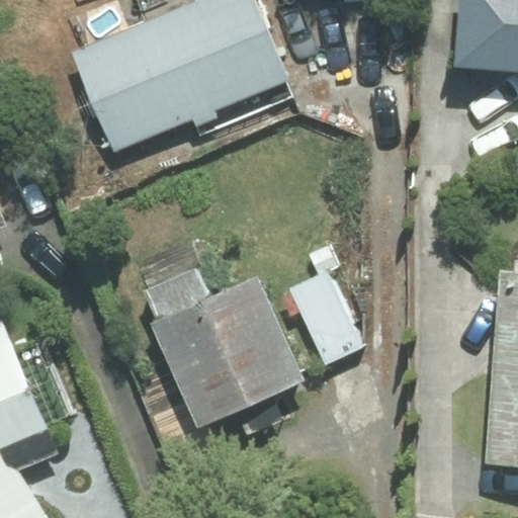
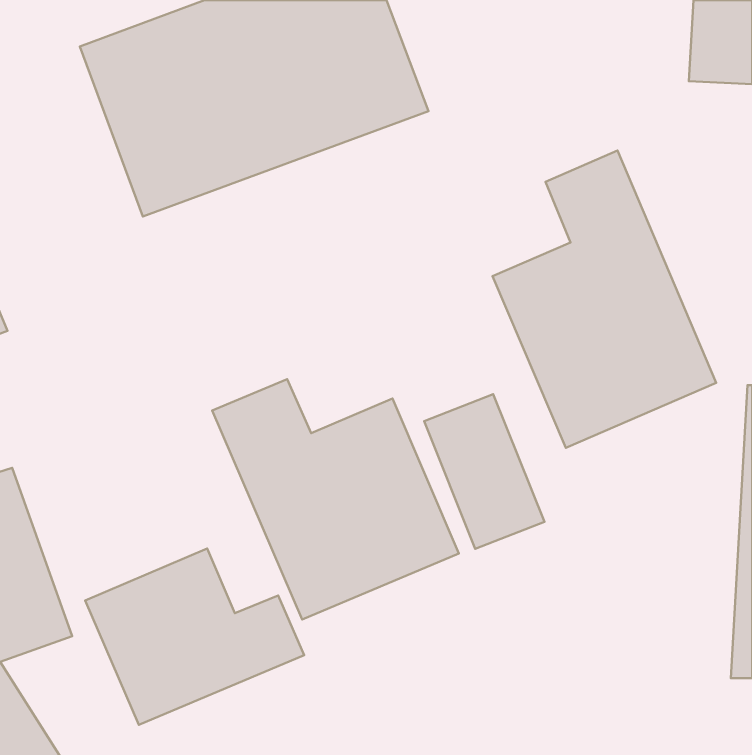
building: none -> [492,150,716,448]
building: none -> [85,548,304,725]

